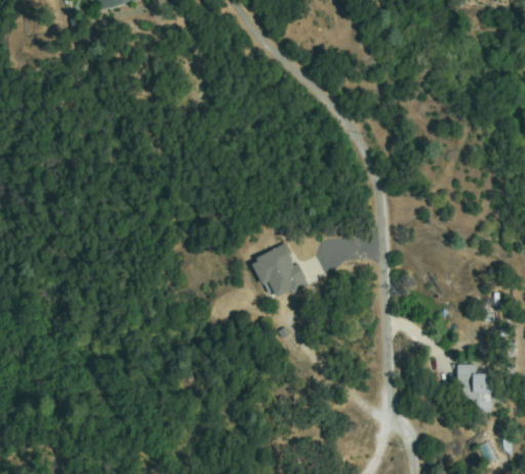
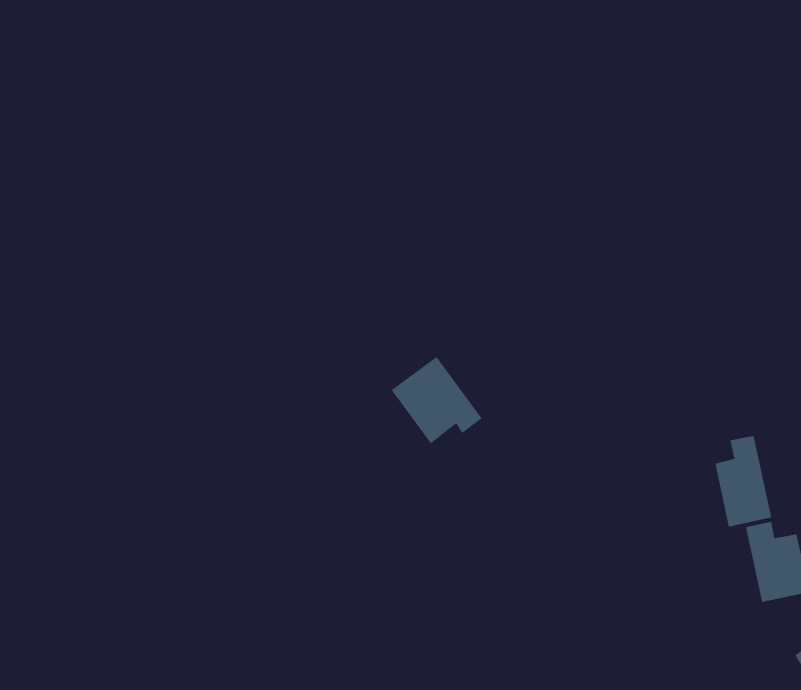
building: none -> [715,435,772,528]

